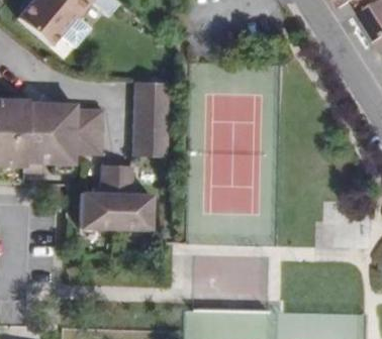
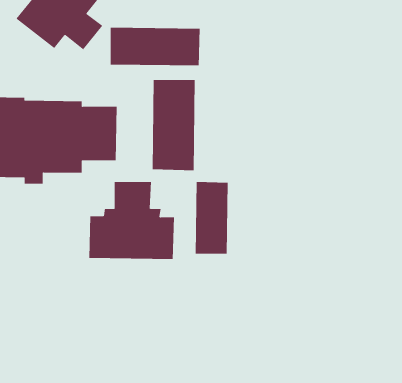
building: none -> [110,27,200,66]
building: none -> [195,181,228,255]

